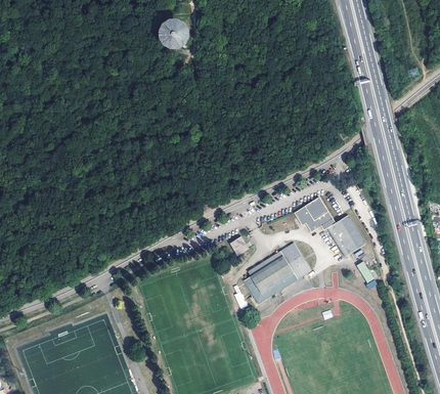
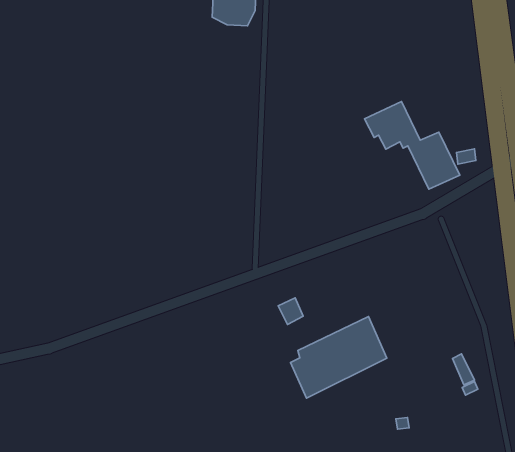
building: [295,198,366,257] -> [365,101,460,189]

